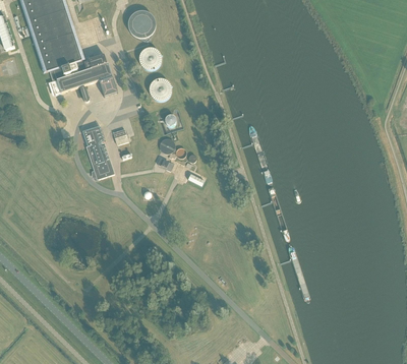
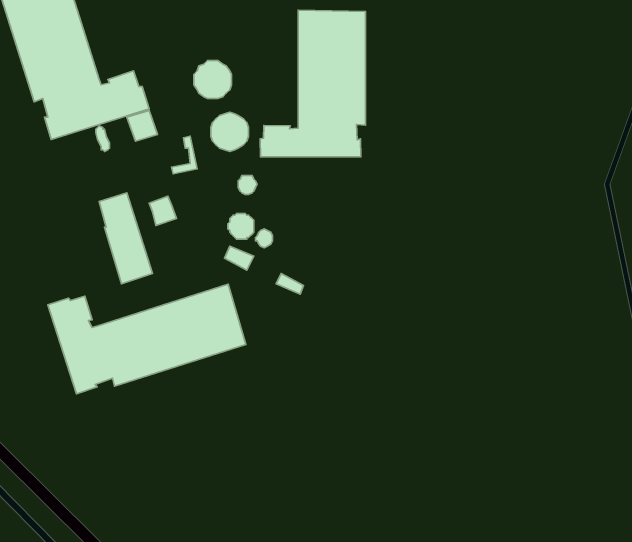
building: none -> [260,10,366,157]
building: none -> [48,284,246,394]

